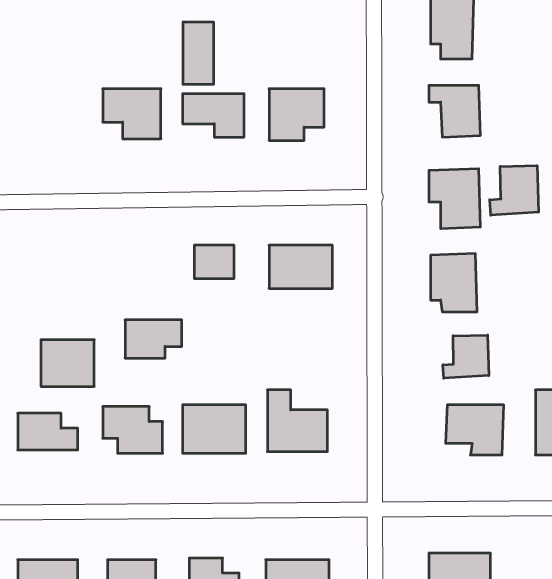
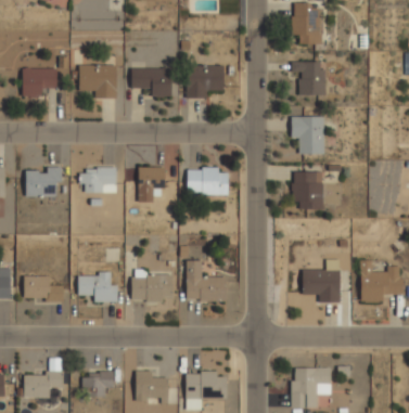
building: [183,22,213,84] -> none
building: none -> [23,66,57,95]
building: [490,166,539,215] -> none
building: [125,320,182,358] -> [79,166,116,191]
building: [443,335,489,378] -> none
building: [41,340,94,386] -> [26,166,61,196]

